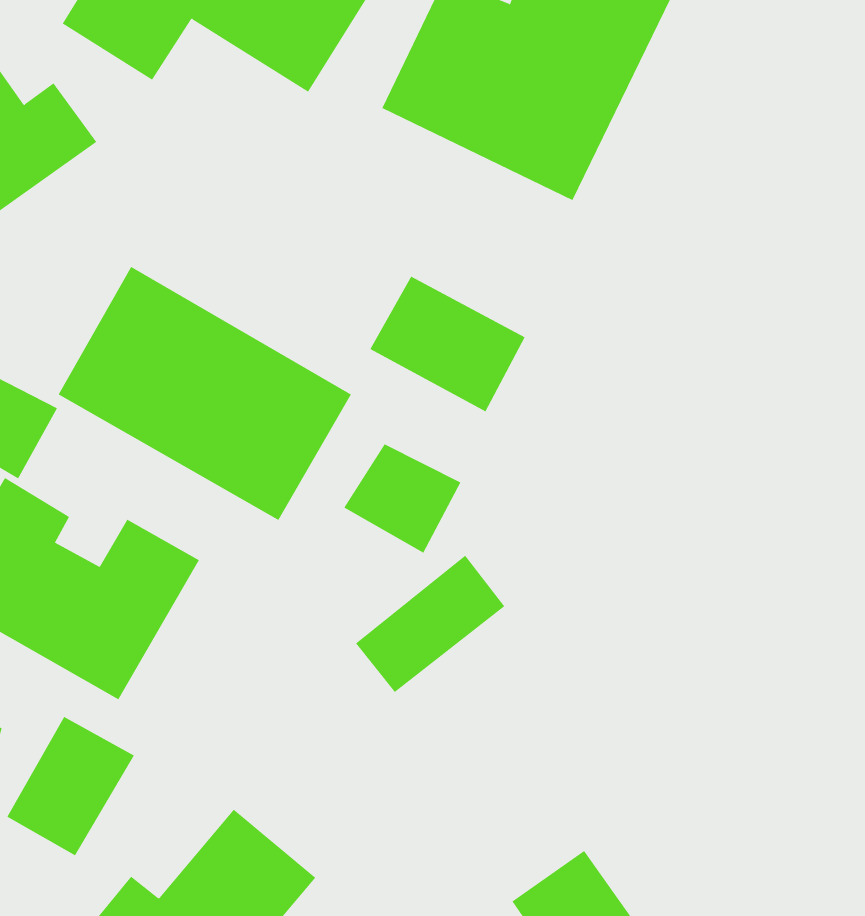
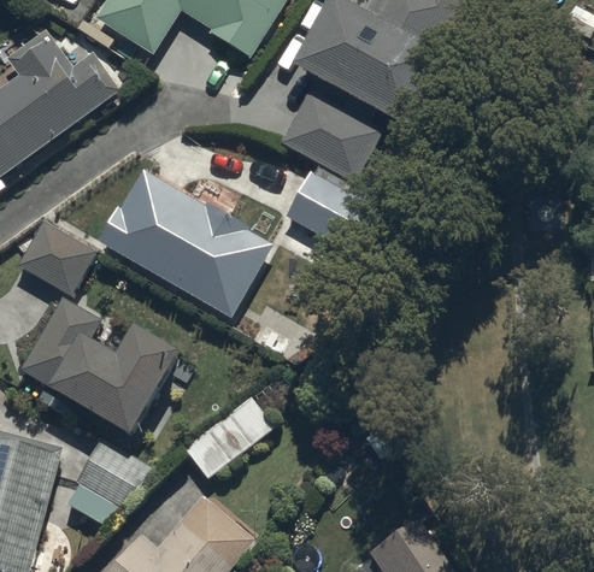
building: none -> [280,88,386,184]
building: [343,443,461,554] -> none
building: [355,555,505,693] -> [184,396,276,480]

